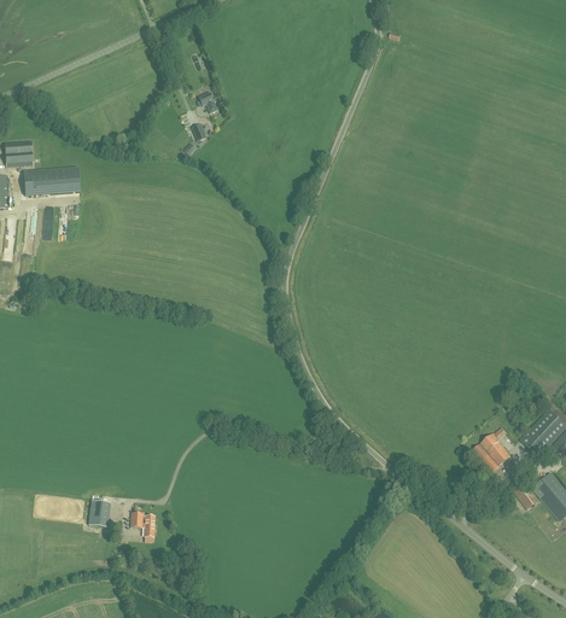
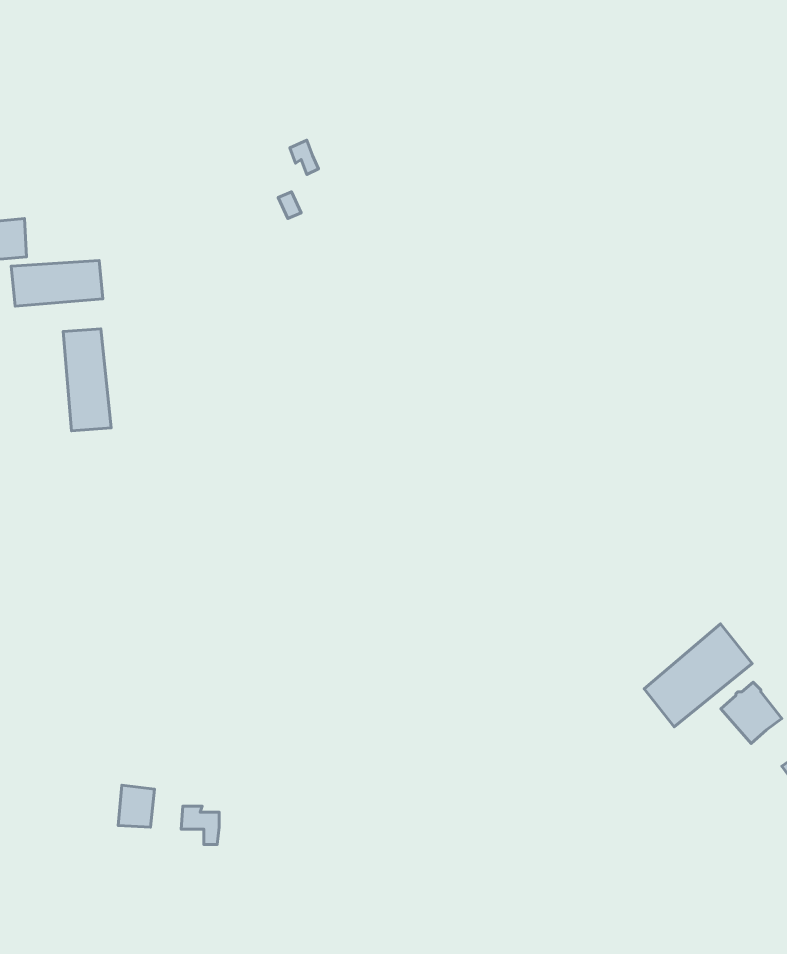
building: none -> [63,329,111,431]
building: none -> [644,624,752,727]

